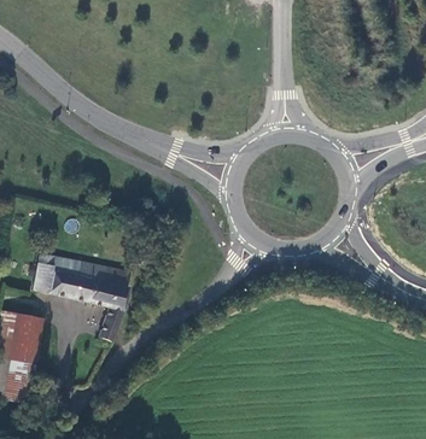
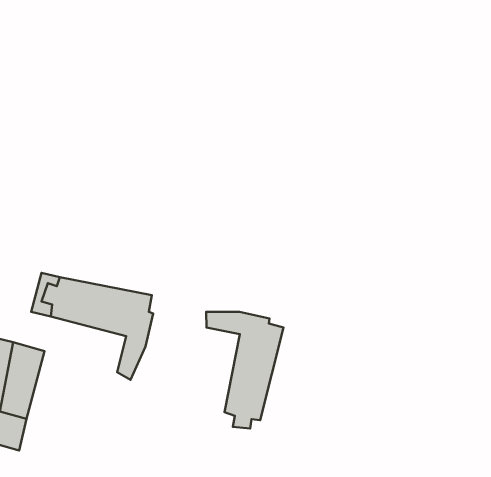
building: none -> [206,312,284,429]

